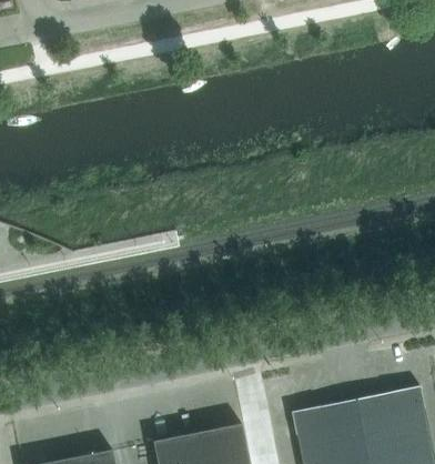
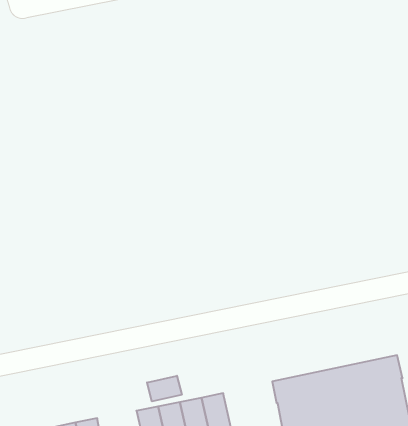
building: none -> [147,376,182,401]

